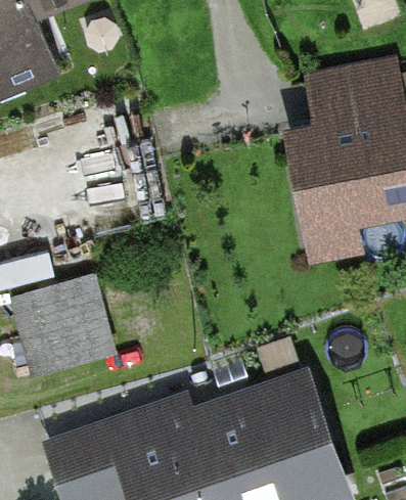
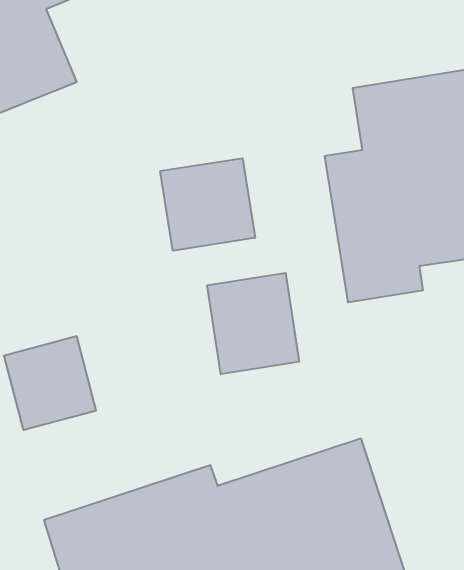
building: none -> [160,158,255,251]
building: none -> [207,273,299,374]

